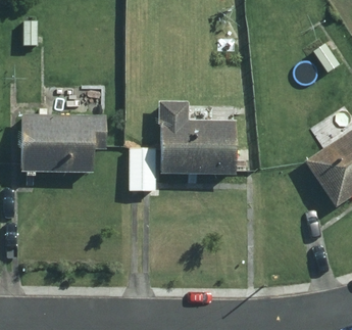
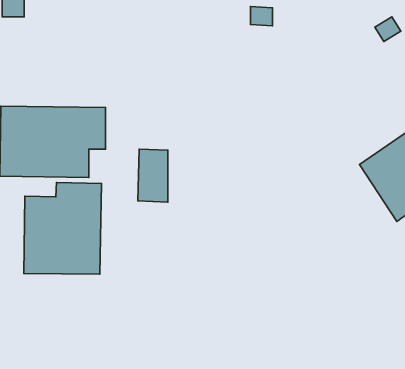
building: [159,102,235,173] -> none
building: none -> [24,182,101,274]

